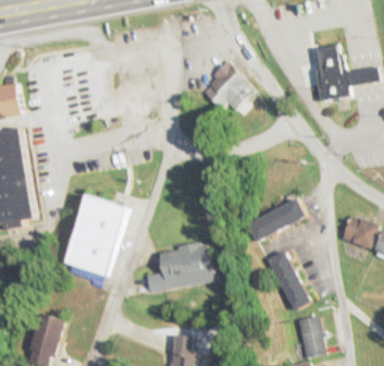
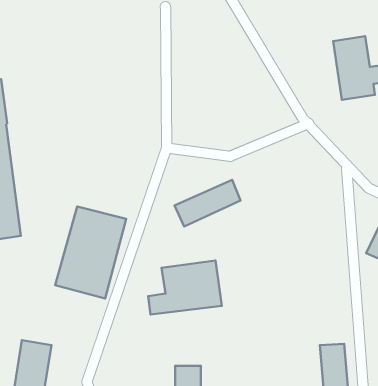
building: [208,63,256,110] -> none
building: [247,199,306,241] -> [174,180,241,226]
building: [269,251,310,312] -> none

